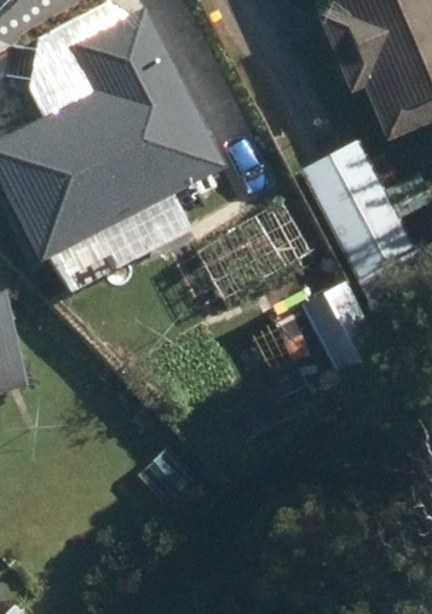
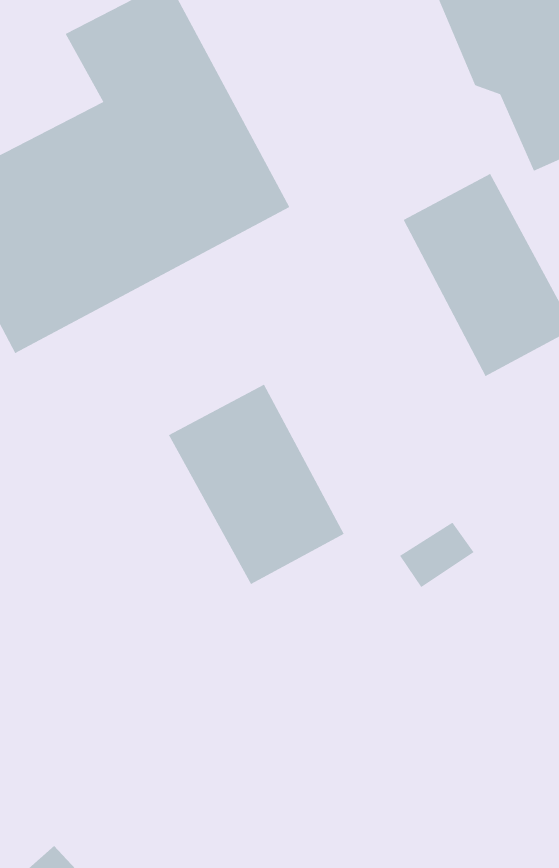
building: none -> [168,384,344,585]

